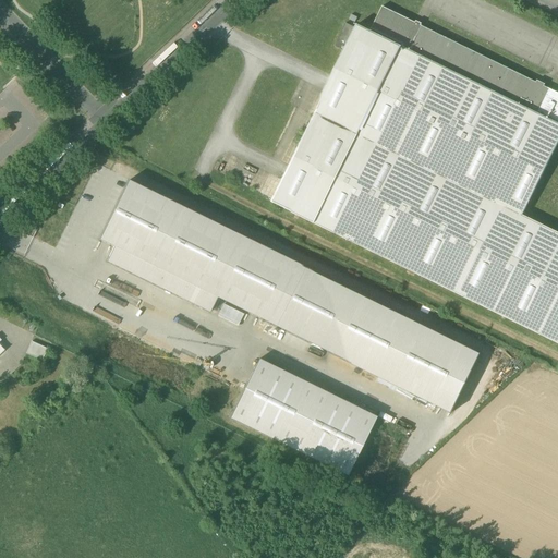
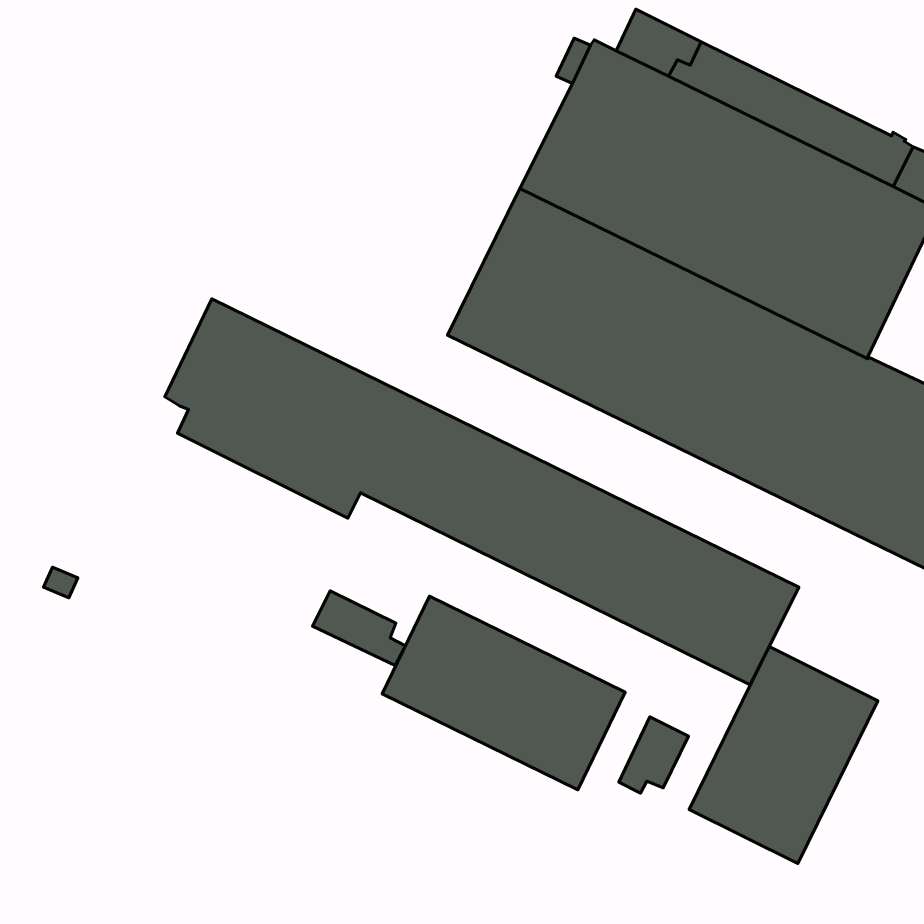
building: none -> [313,591,405,666]
building: none -> [689,647,878,864]
building: none -> [619,717,689,793]

